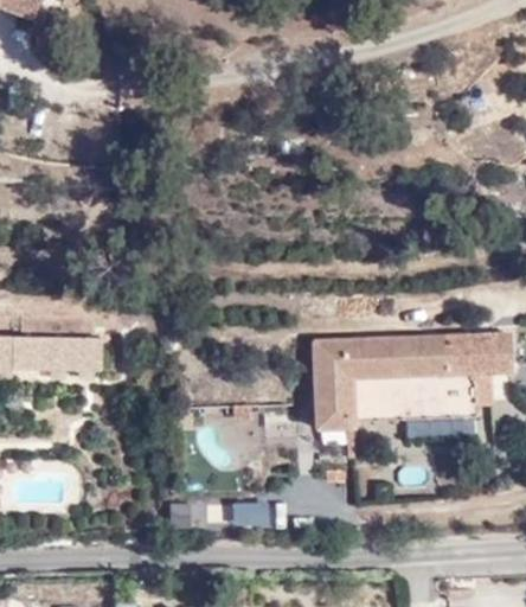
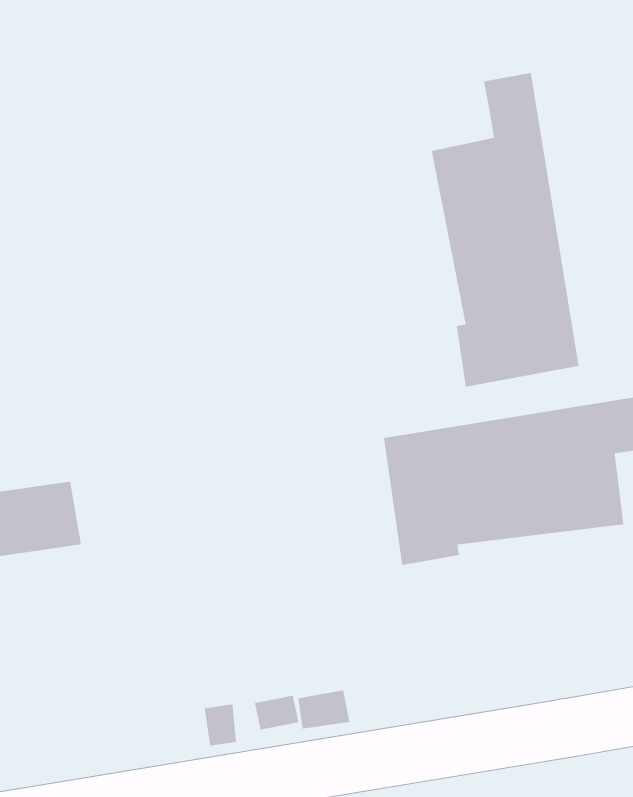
building: none -> [431,72,579,387]

